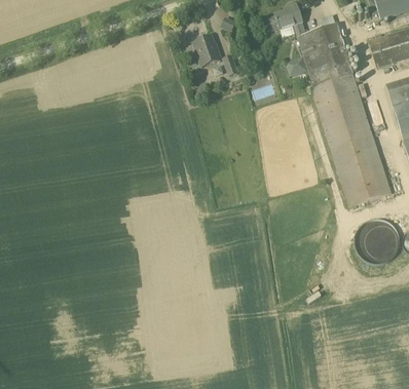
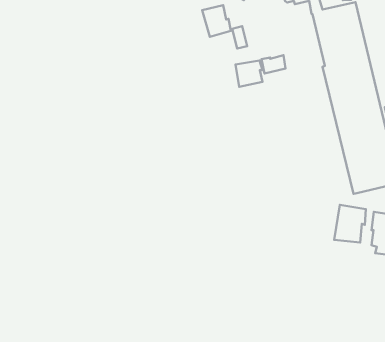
building: none -> [236,60,263,87]
building: none -> [334,205,366,243]

